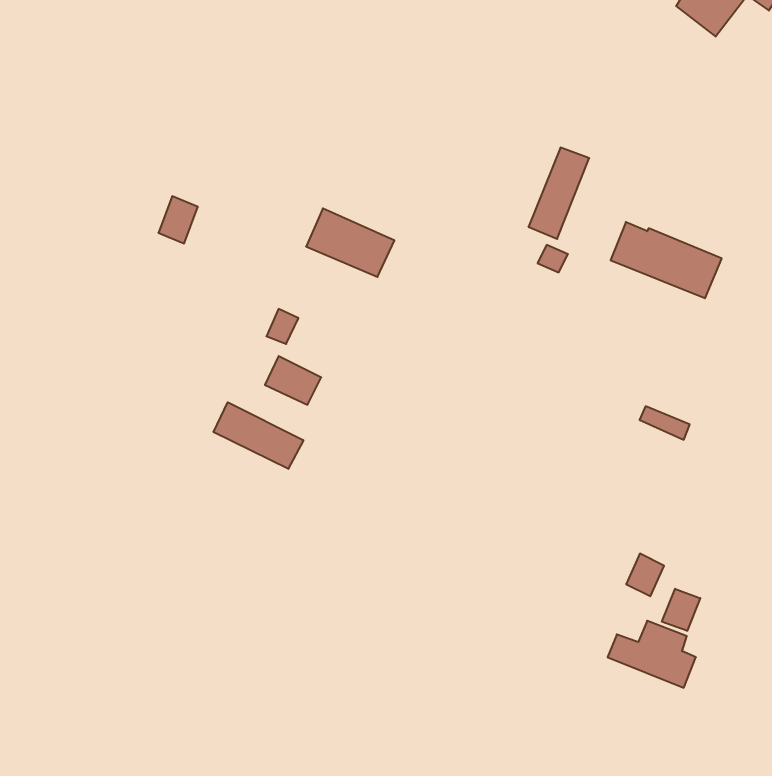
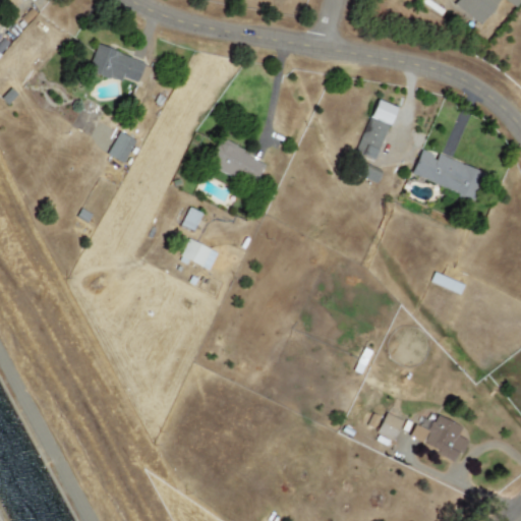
building: none -> [90,45,154,84]
building: [214,402,303,469] -> none
building: [626,554,664,596] -> [379,412,404,441]
building: [662,589,700,631] -> none

